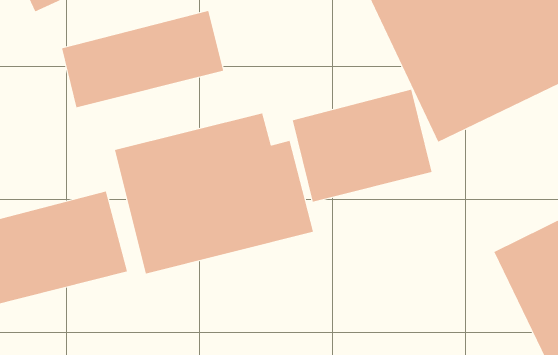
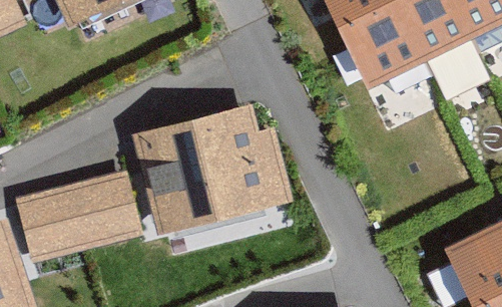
building: [62,10,224,108] -> none
building: [292,89,432,202] -> none

